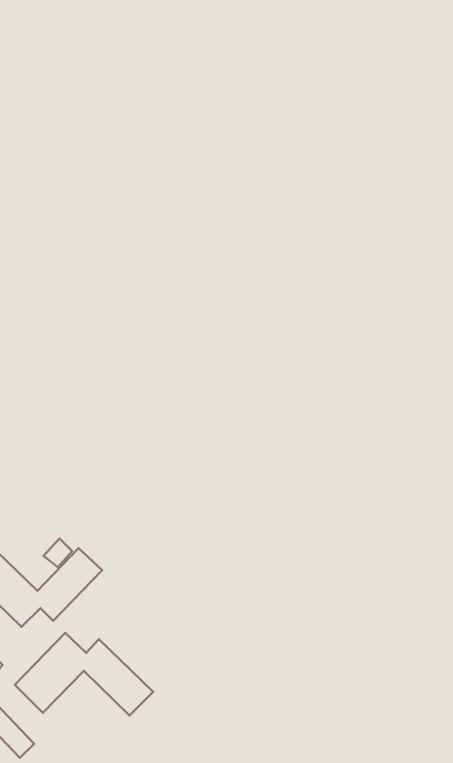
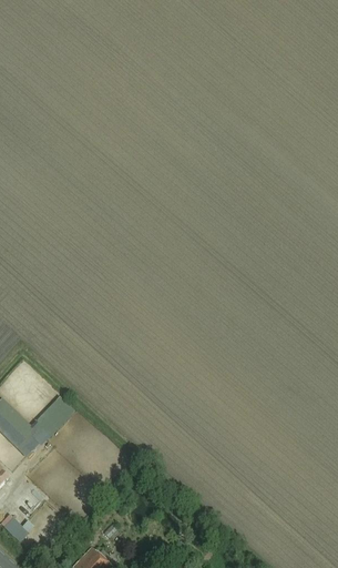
building: [15,633,153,715] -> none

